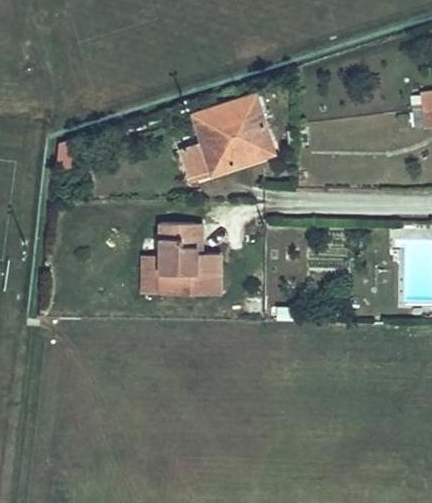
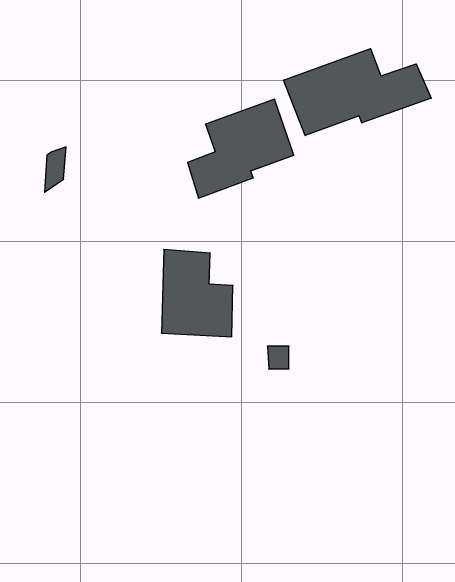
building: none -> [284,49,431,136]

